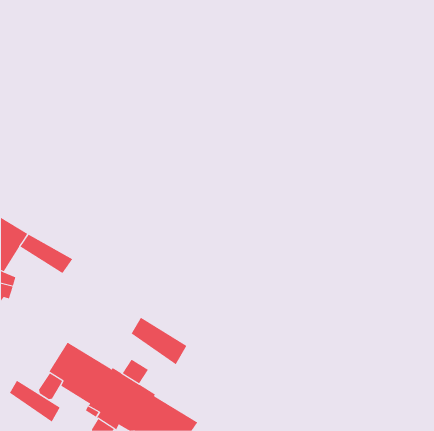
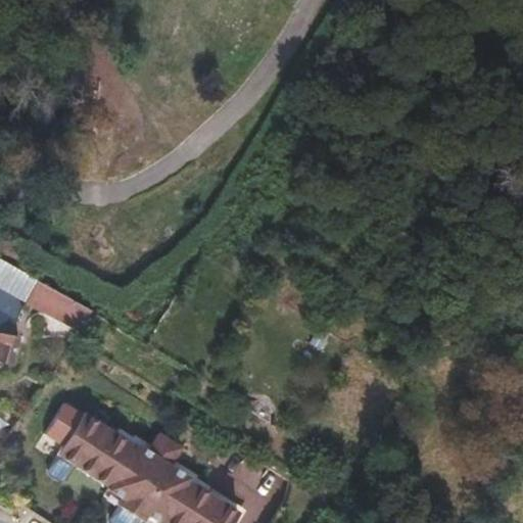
building: [131,317,187,365] -> none
building: [9,380,60,423] -> none

